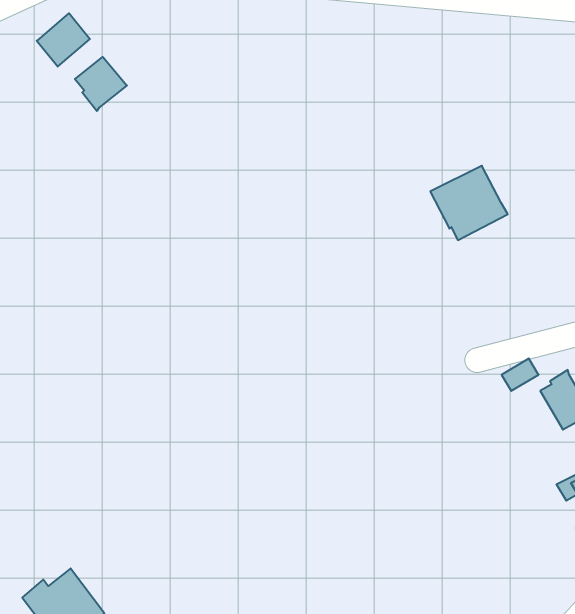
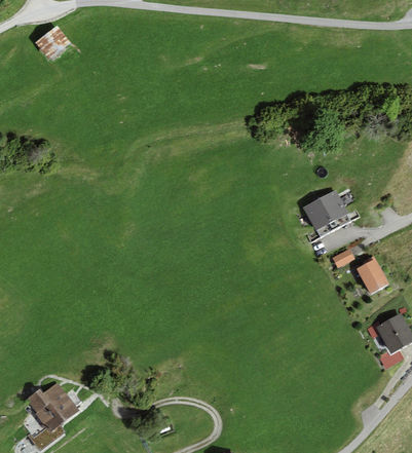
building: [75,57,127,111] -> none
building: [430,166,508,240] -> [303,190,352,237]

